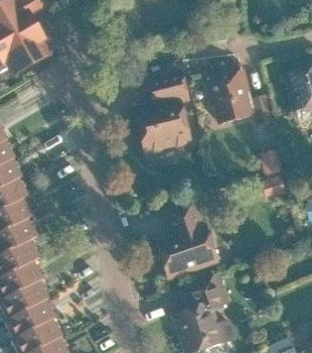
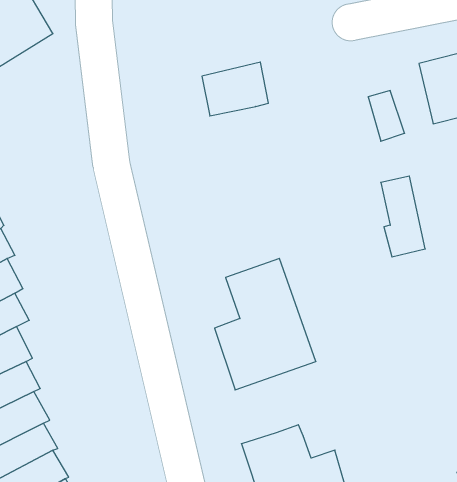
building: [202,69,254,125] -> none
building: [133,101,189,155] -> none
building: [184,276,228,311] -> none

